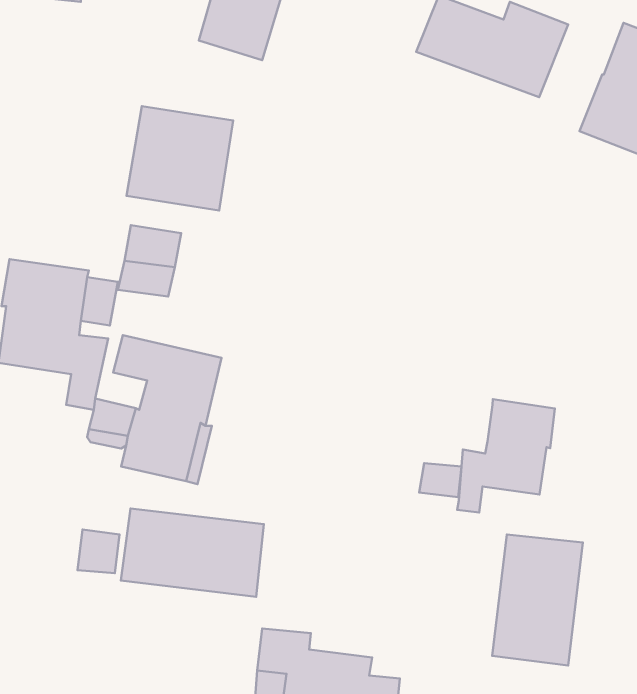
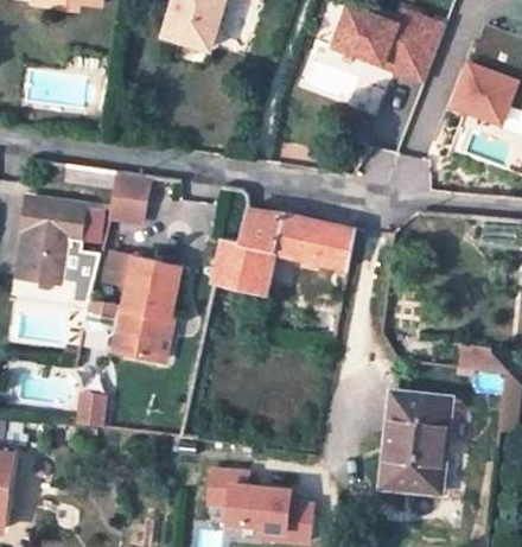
building: [127,106,233,211] -> none
building: none -> [215,209,354,292]
building: [457,399,555,512] -> none
building: [121,508,264,597] -> none

